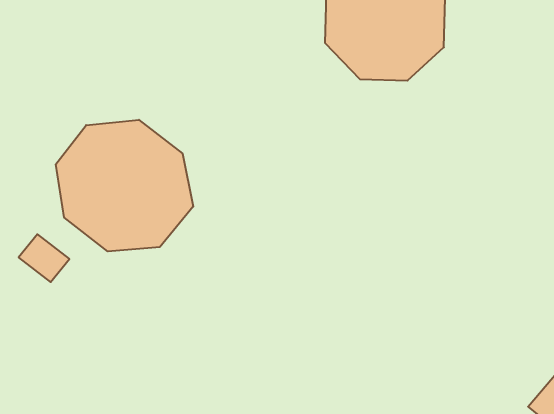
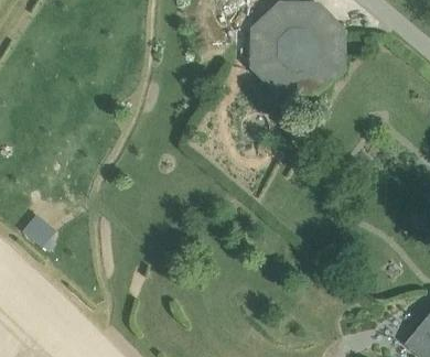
building: [56,120,193,251] -> none

